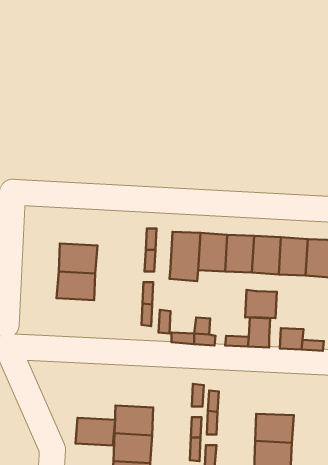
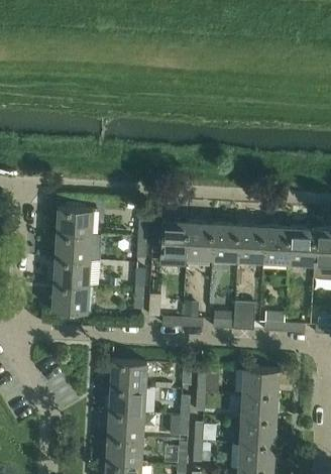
building: none -> [57,207,93,234]
building: [245,290,277,318] -> none
building: none -> [52,283,89,312]
building: none -> [241,367,278,393]
building: [75,418,115,446] -> [109,360,146,386]

